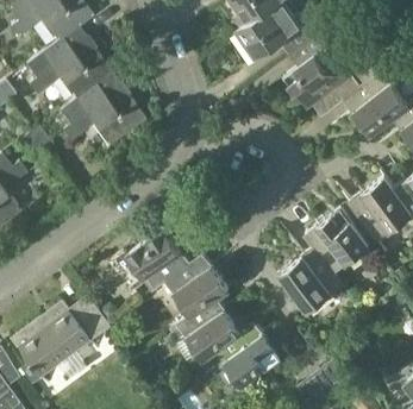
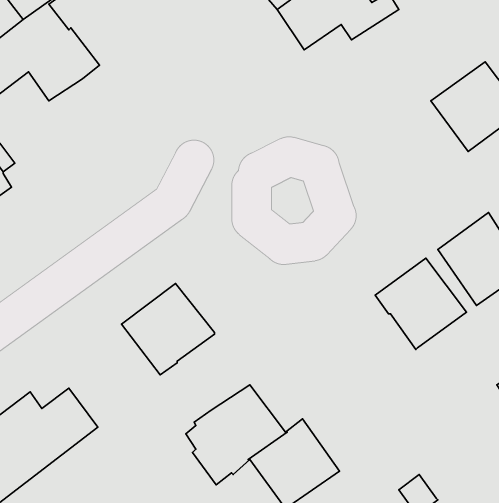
building: [282,45,383,111] -> none
building: [58,74,144,146] -> none
building: [279,248,343,312] -> none
building: [164,253,227,316] -> none

